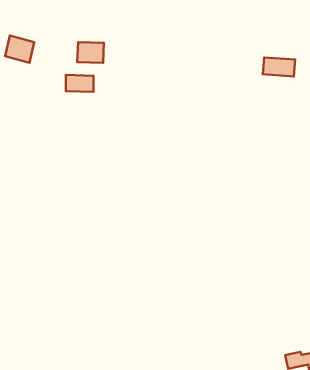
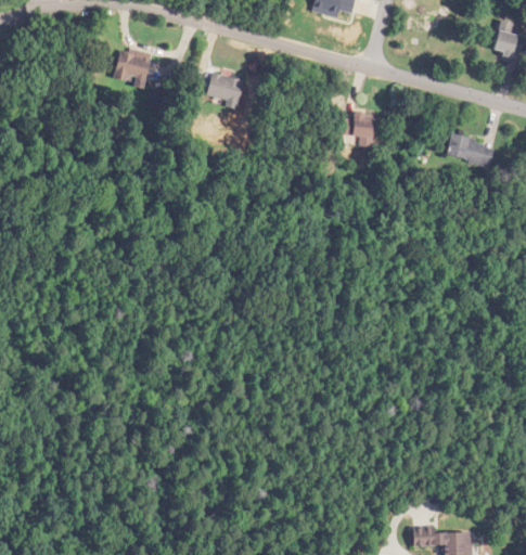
building: none -> [345,113,375,146]
building: [66,75,94,92] -> none

